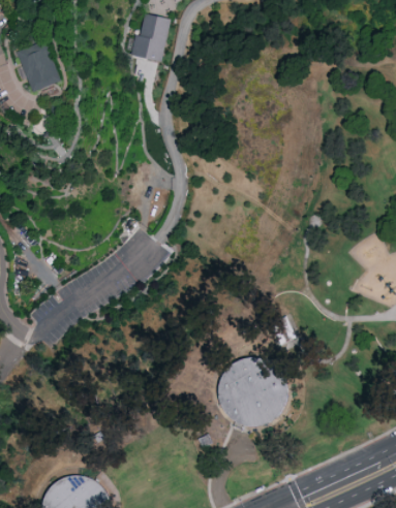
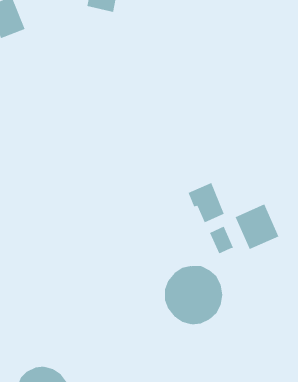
building: none -> [188,182,224,223]
building: none -> [235,204,279,250]

